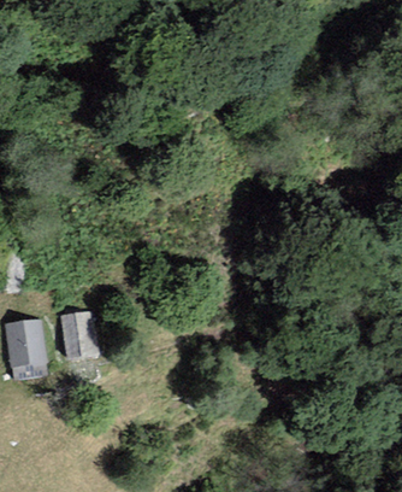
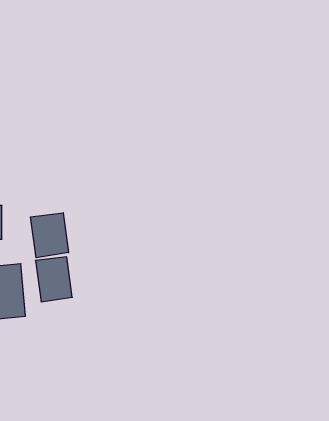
building: none -> [31,213,68,258]

